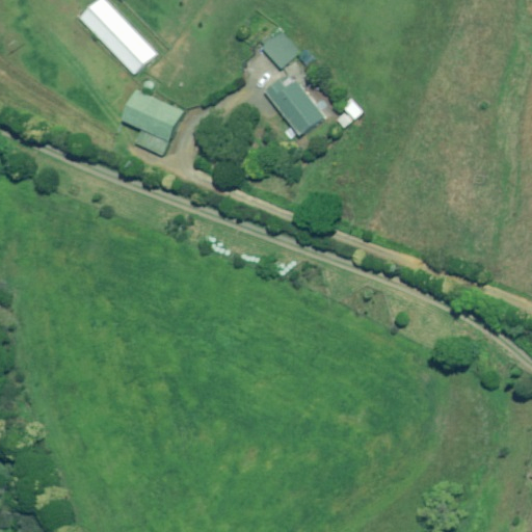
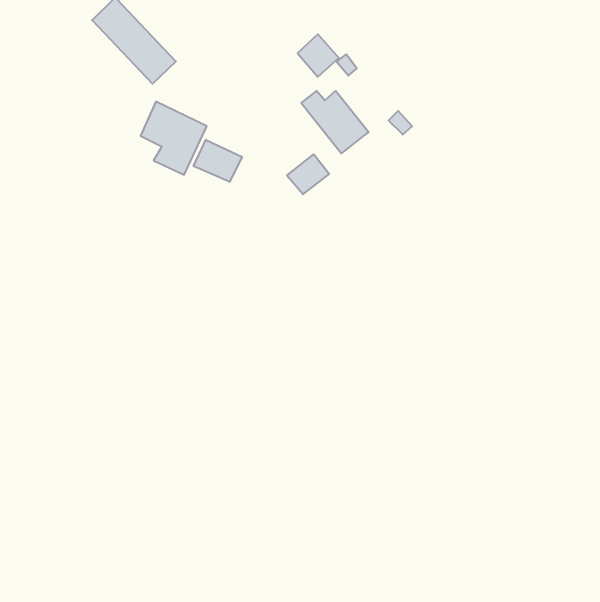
building: none -> [194,140,242,182]
building: none -> [287,154,329,194]

